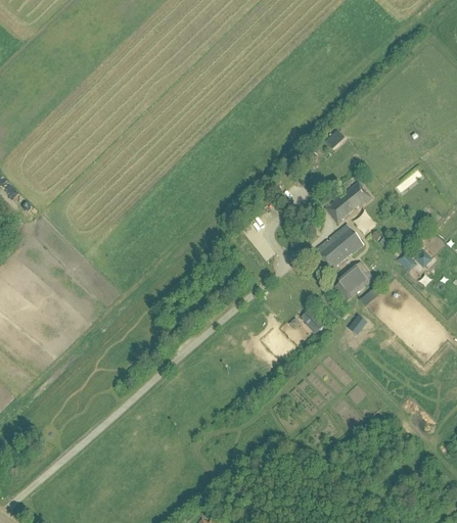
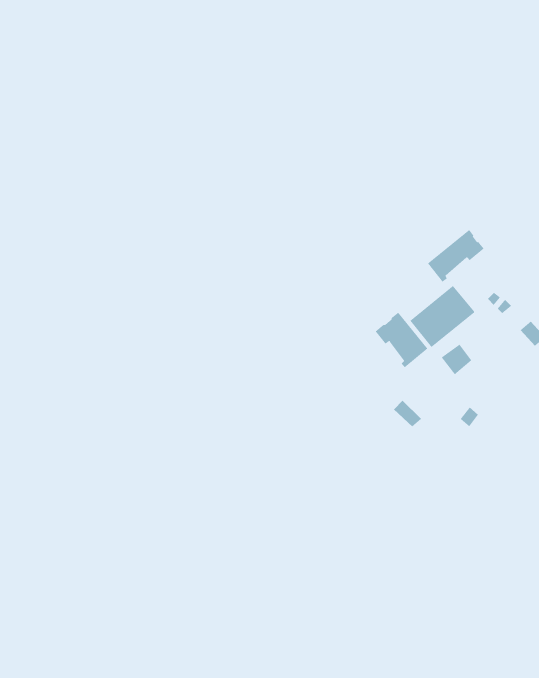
building: none -> [375,312,428,368]

